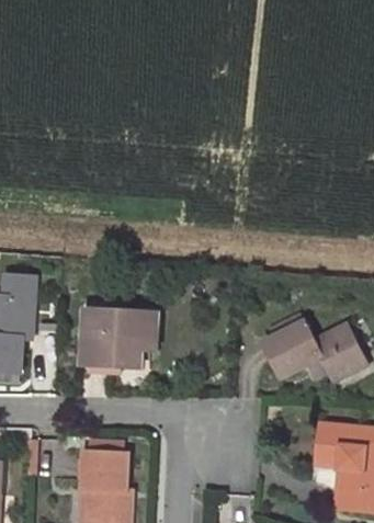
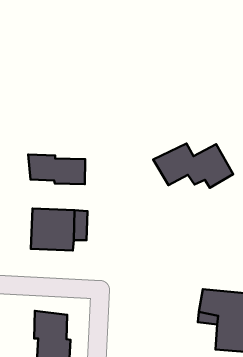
building: none -> [28,154,85,184]
building: [254,321,363,382] -> [153,143,233,188]

